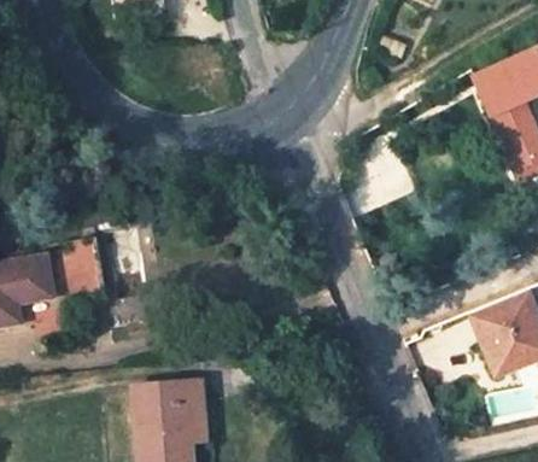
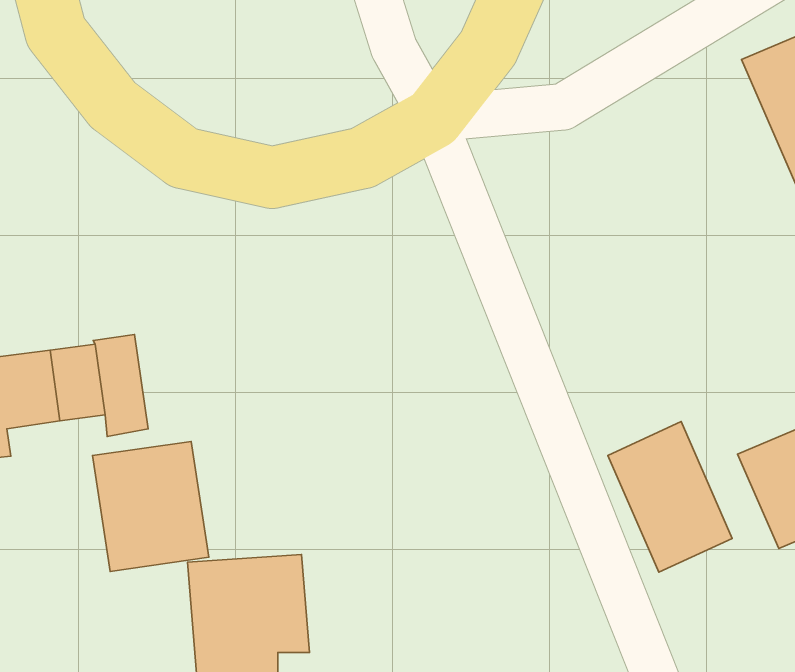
building: none -> [608,422,732,572]
building: none -> [92,441,209,571]

